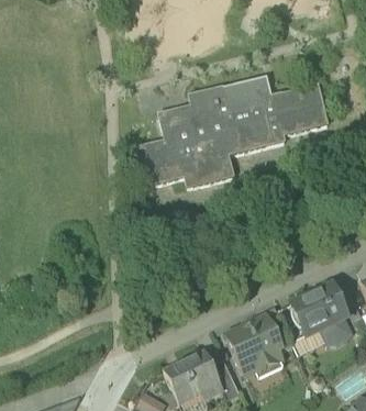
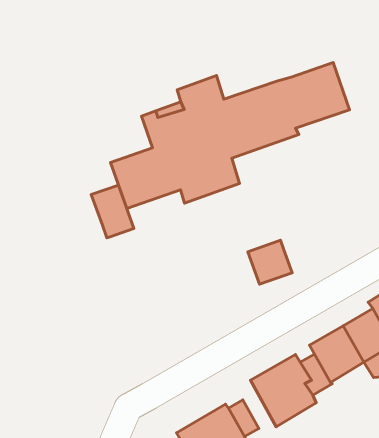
building: [222,75,271,105] -> none
building: none -> [91,185,134,238]
building: none -> [248,240,292,284]

